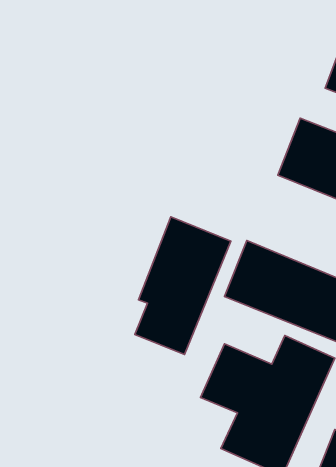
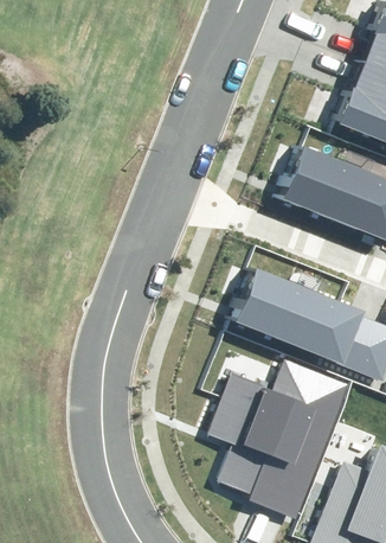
building: [135,217,231,354] -> none

